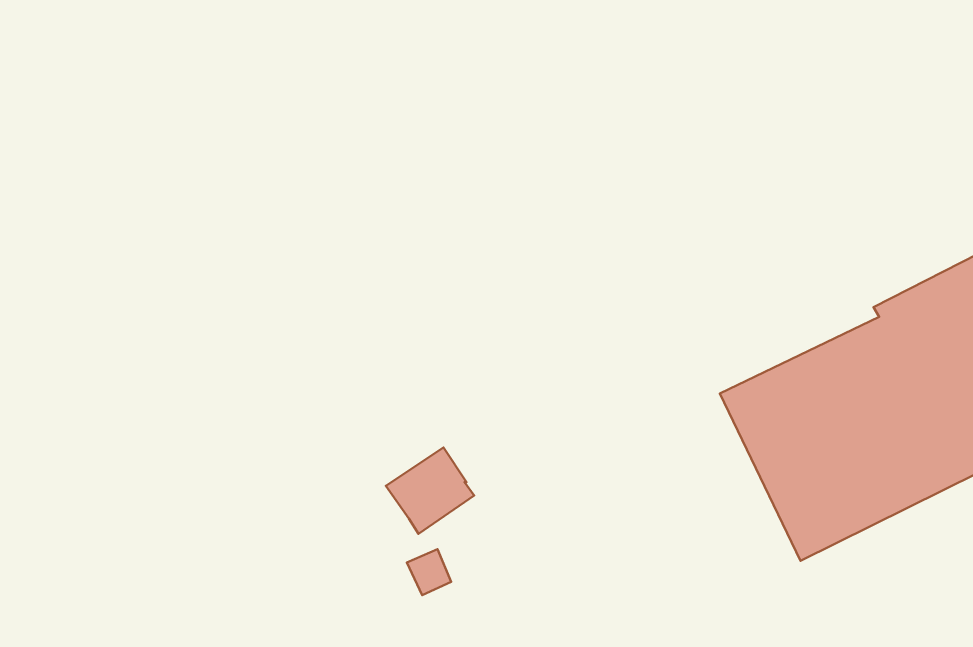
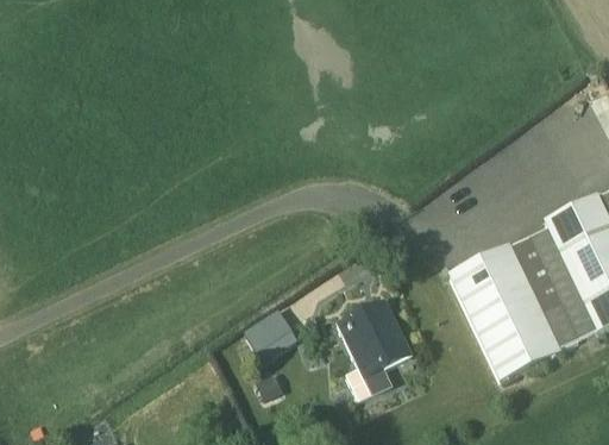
building: none -> [339,297,410,396]

